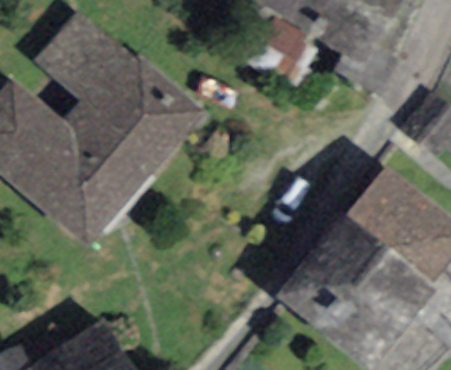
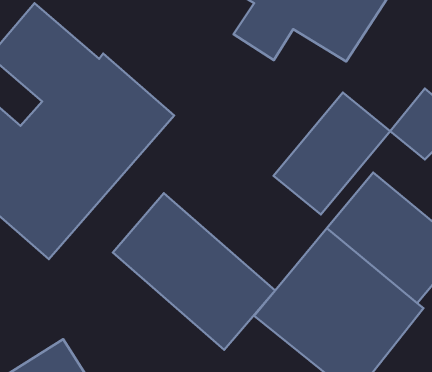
building: none -> [274,92,390,215]
building: none -> [113,193,275,350]

